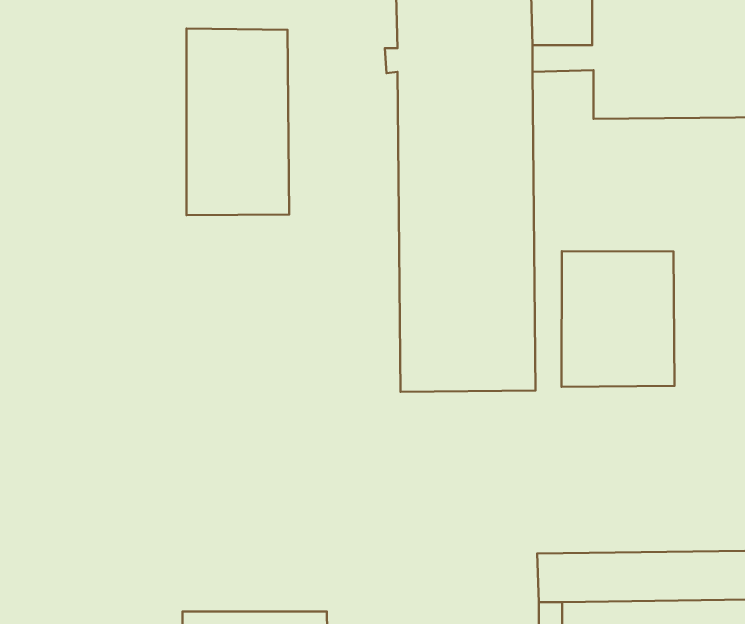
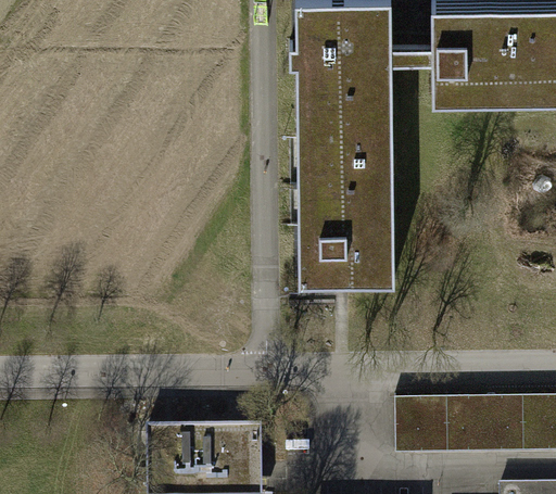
building: [186,29,289,215] -> none
building: [561,251,675,387] -> none

